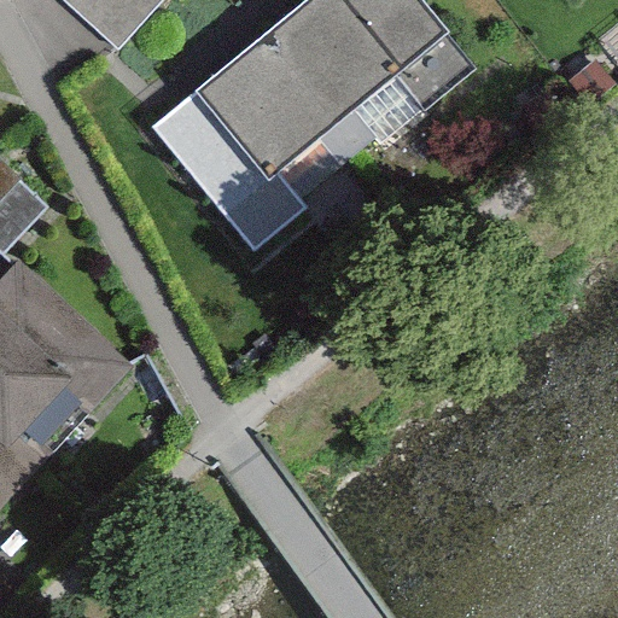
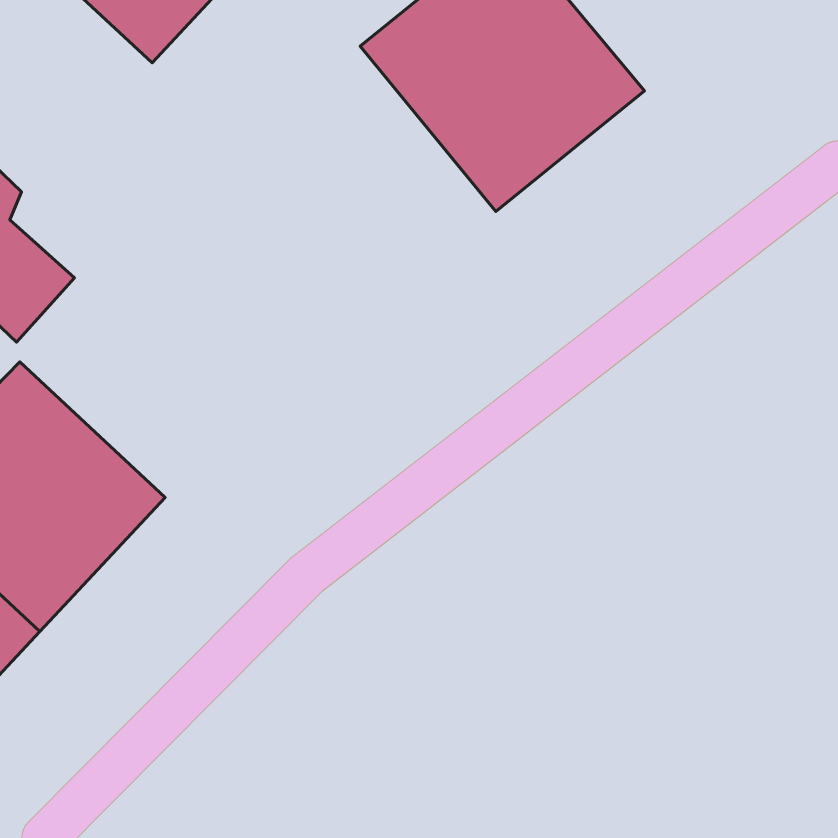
building: [152,34,362,246] -> none

